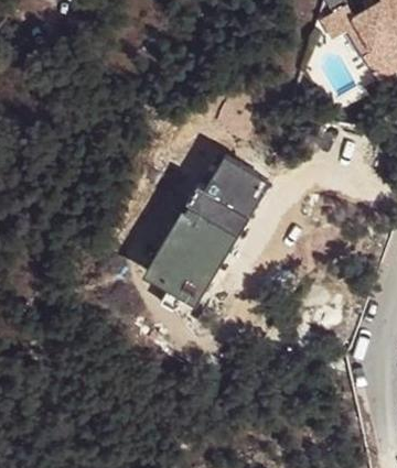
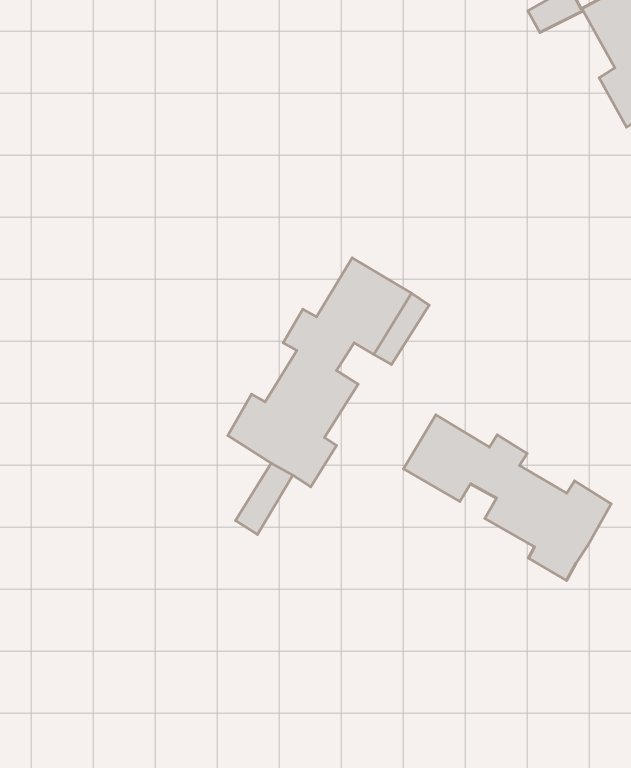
building: none -> [404,415,611,581]

